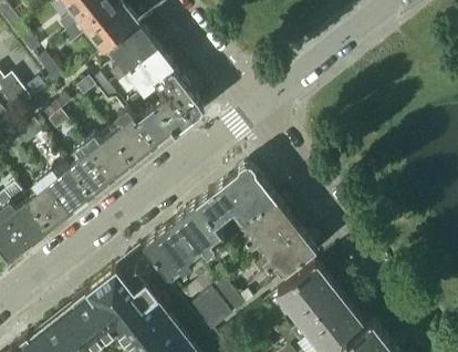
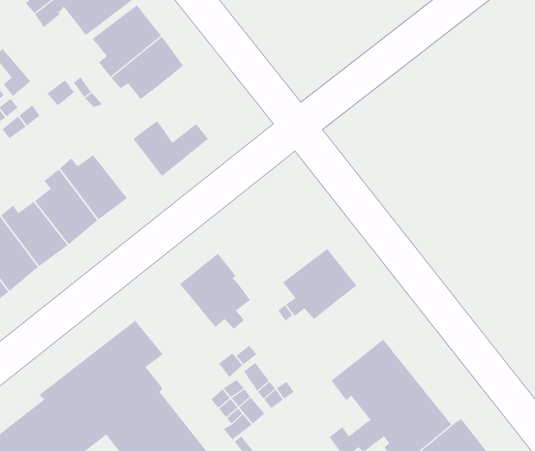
building: [155,71,204,125] -> none
building: [110,111,156,165] -> none
building: [198,168,275,228] -> none
building: [143,226,196,279] -> none
building: [262,227,315,276] -> none

